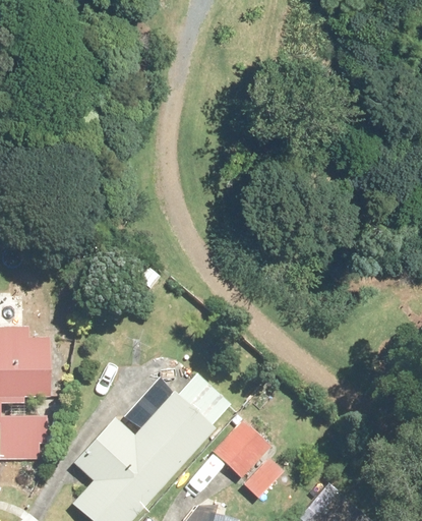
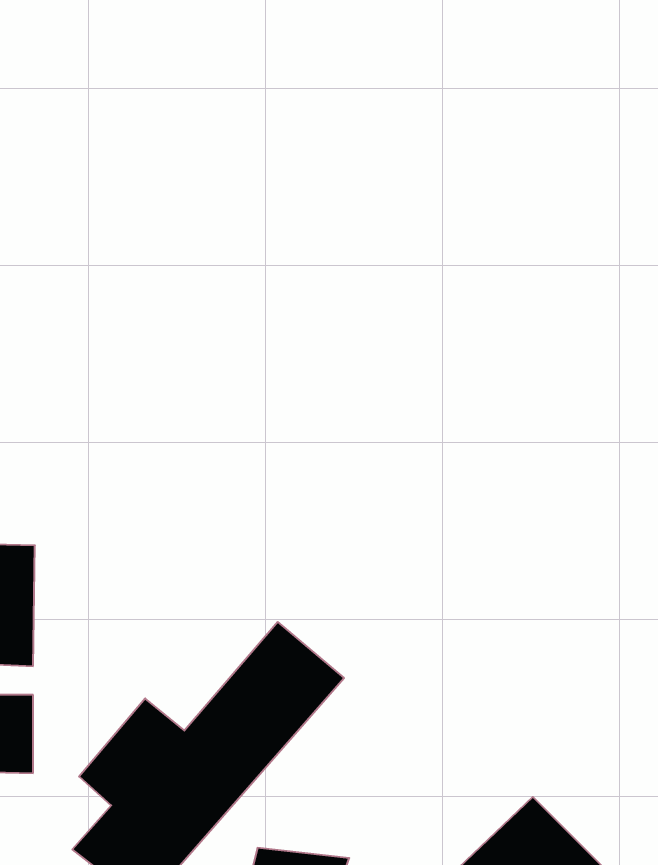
building: [212,420,295,505] -> none

